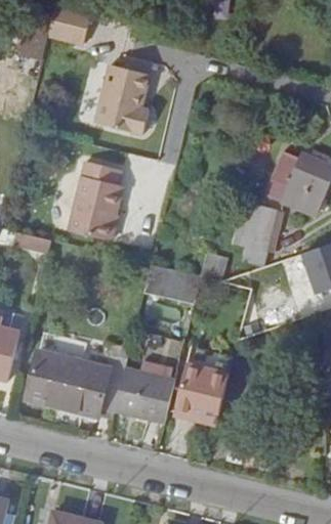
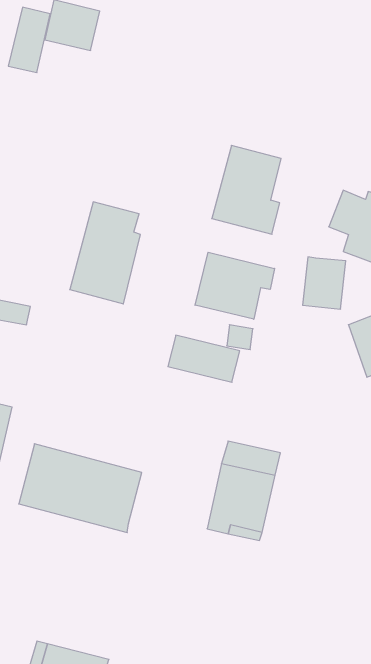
building: [94,64,149,134] -> [212,145,281,234]
building: none -> [195,252,275,319]
building: [113,369,172,426] -> none

